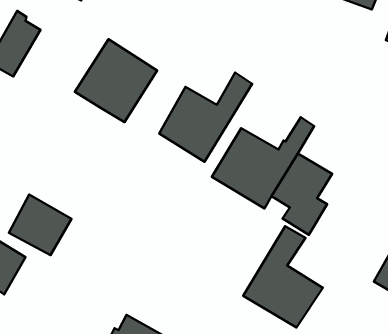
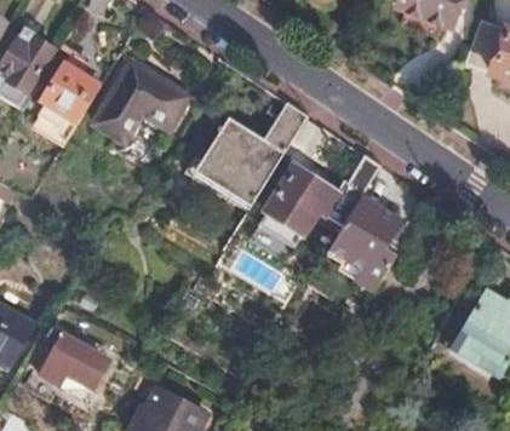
building: none -> [44,52,102,121]
building: [9,194,72,255] -> [40,329,115,402]
building: [243,226,323,328] -> none

